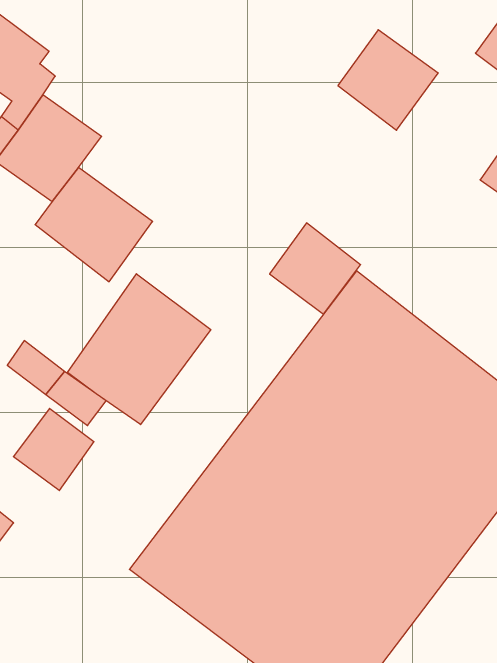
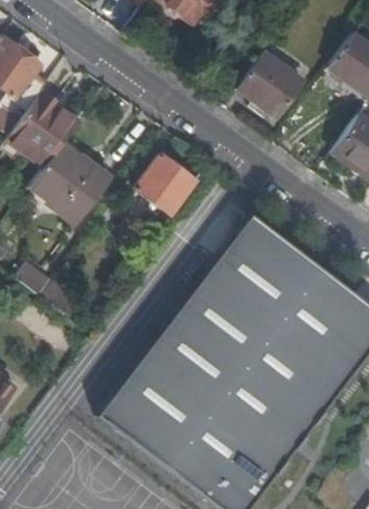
building: [270,223,361,314] -> [136,154,197,216]
building: [67,274,211,425] -> none
building: [13,408,94,491] -> none

